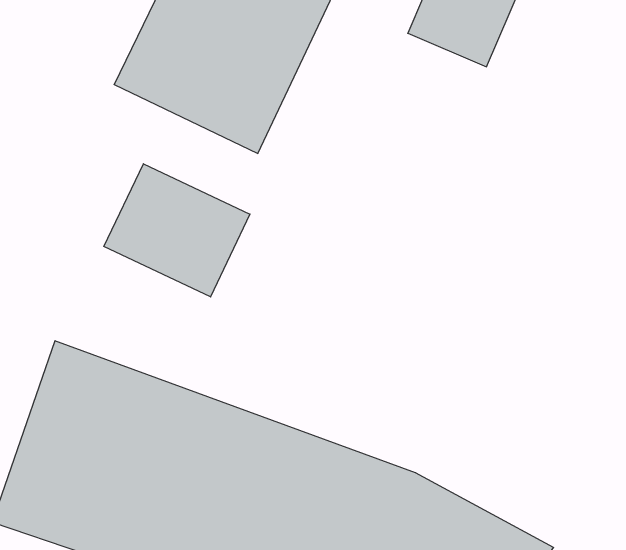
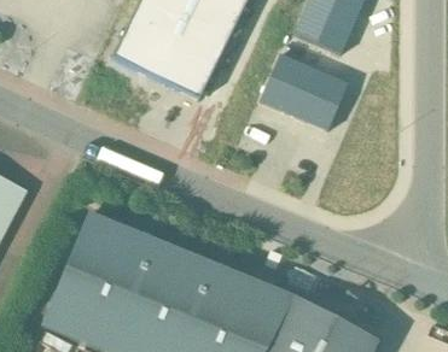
building: none -> [260,54,348,130]
building: [104,164,250,297] -> none

